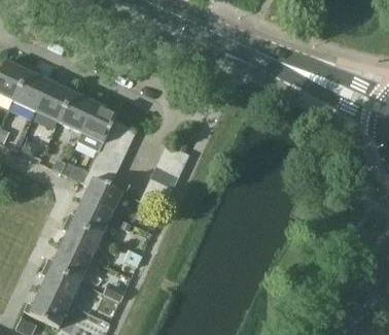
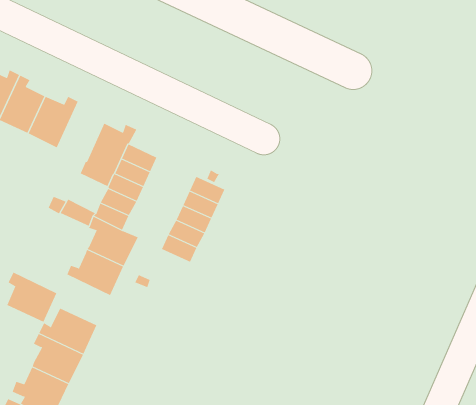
building: [60,86,96,132] -> none
building: [62,220,101,259] -> [7,272,57,323]

